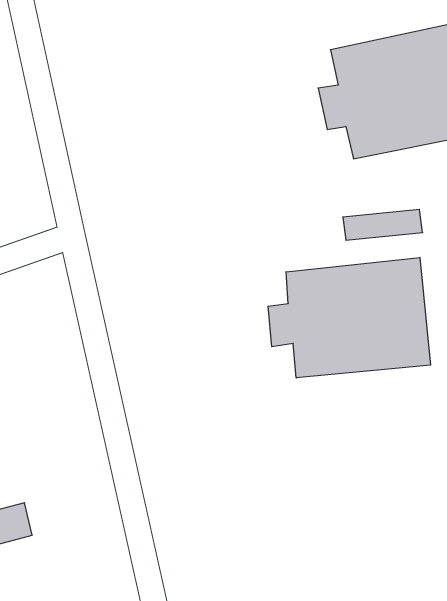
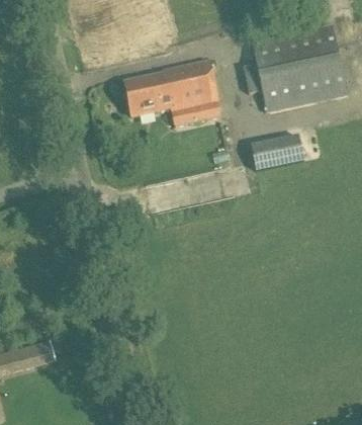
building: none -> [123,59,220,123]
building: [268,257,431,378] -> none

